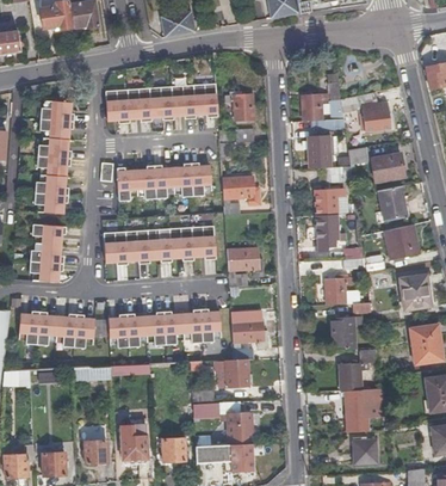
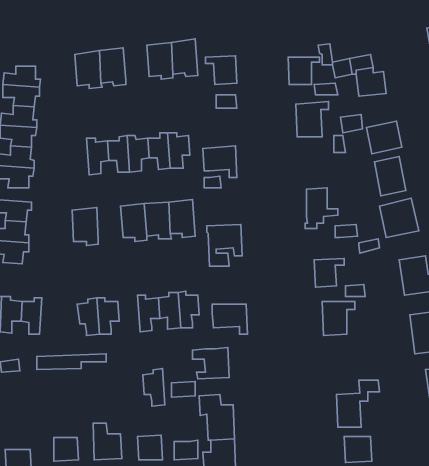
building: [149,84,173,118] -> none
building: [315,189,342,215] -> none
building: [125,230,149,264] -> none
building: [144,312,165,346] -> [143,368,165,406]
building: [73,314,94,349] -> none
building: [337,352,376,390] -> none

